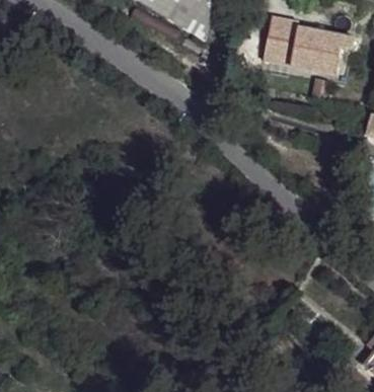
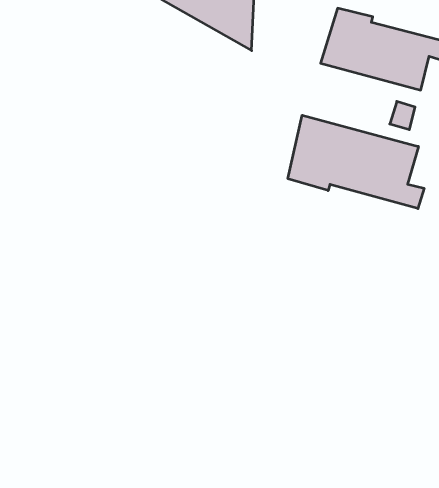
building: none -> [288,115,424,209]

